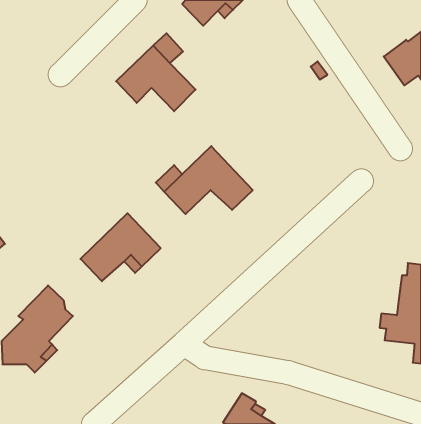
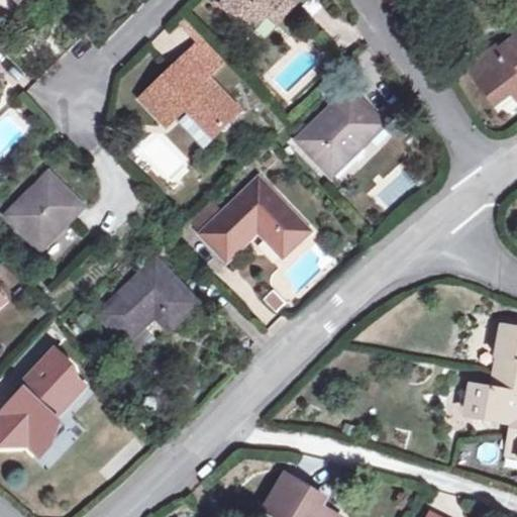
building: none -> [297,90,384,177]
building: none -> [6,173,83,249]

